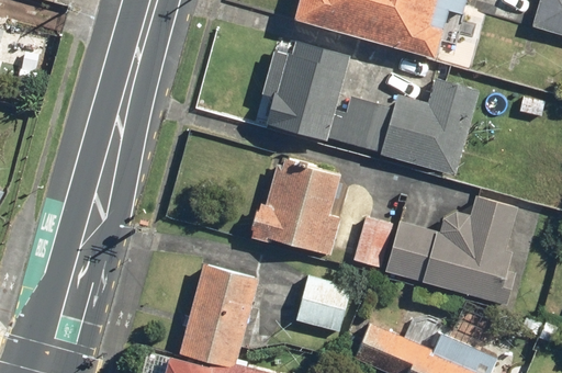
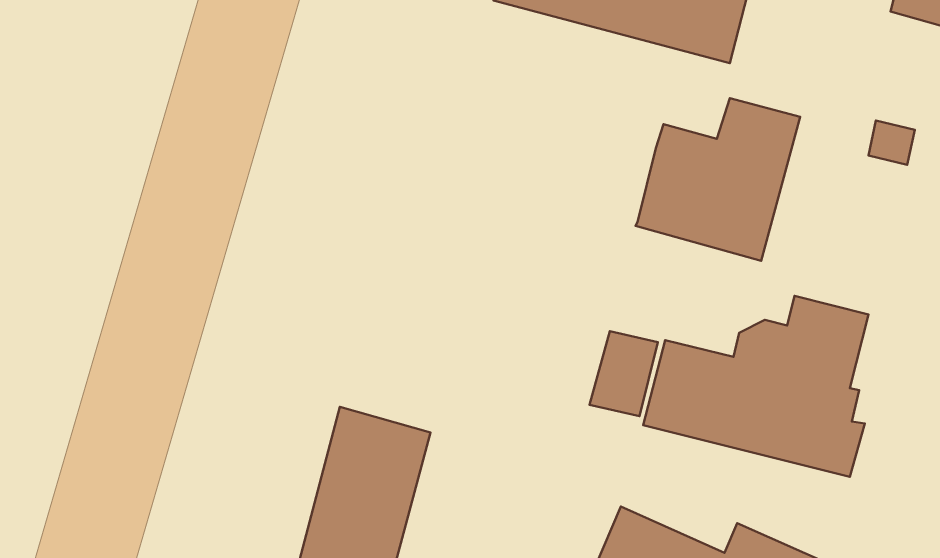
building: [262,41,350,142] -> none
building: [339,98,392,152] -> none
building: [252,157,340,258] -> none
building: [296,275,351,331] -> none

